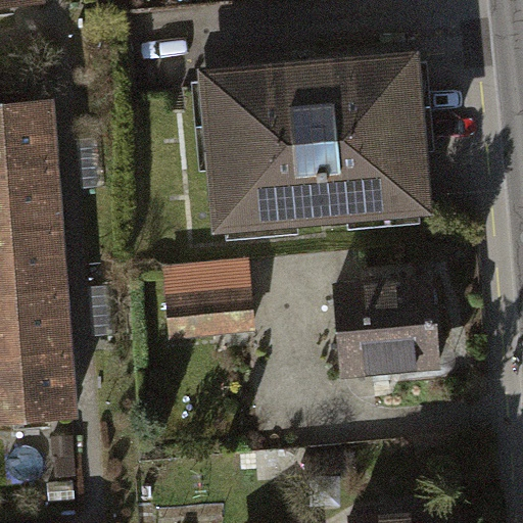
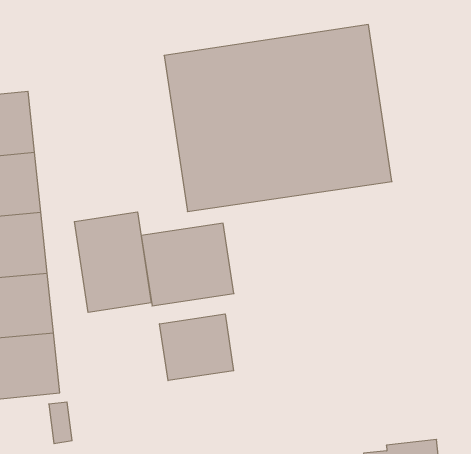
building: none -> [74,212,151,312]
building: [335,266,443,368] -> none
building: none -> [160,314,234,381]

